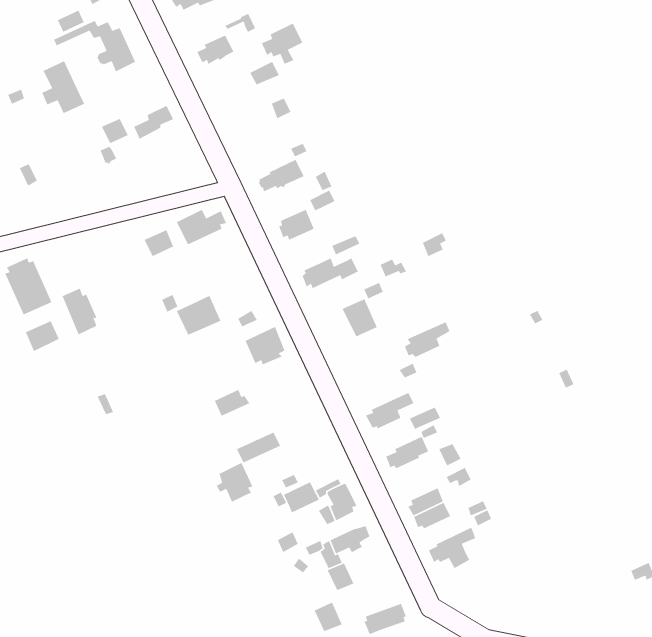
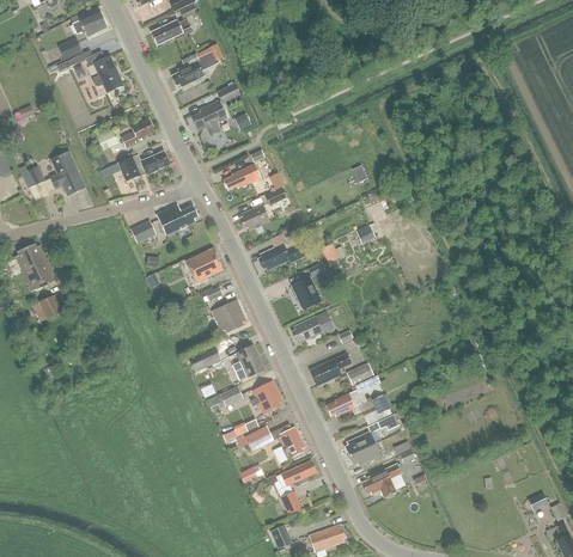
building: [261,22,303,65] -> [191,99,226,134]
building: [41,60,85,114] -> [49,151,85,195]
building: none -> [118,151,169,180]
building: [62,288,98,335] -> none
building: [176,295,221,336] -> [185,247,223,281]
building: [404,321,451,358] -> [292,311,330,341]
building: none -> [231,344,264,380]
building: [215,462,254,503] -> [250,380,281,414]

